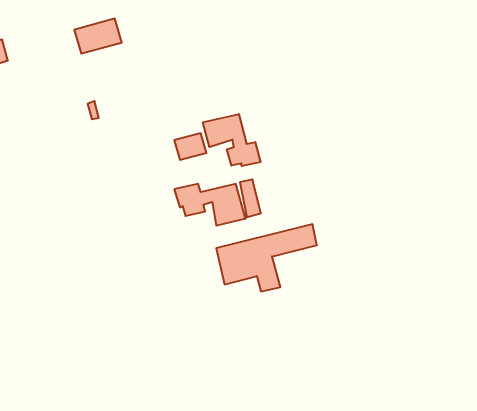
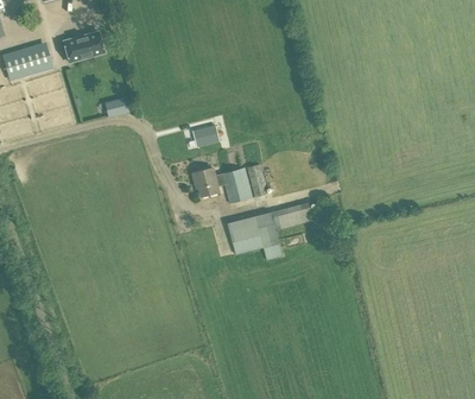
building: [74,19,122,54] -> [62,32,102,62]
building: [203,114,260,166] -> none

